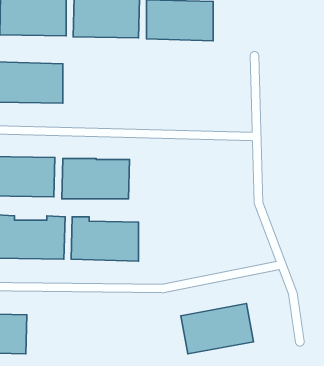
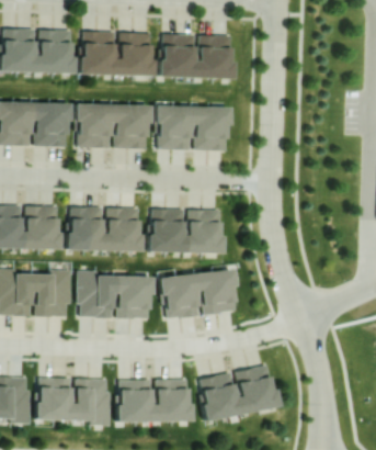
building: none -> [77,103,149,148]
building: none -> [155,105,229,149]
building: none -> [149,207,223,252]
building: none -> [161,269,237,318]
building: none -> [36,376,110,425]
building: none -> [117,378,190,421]

